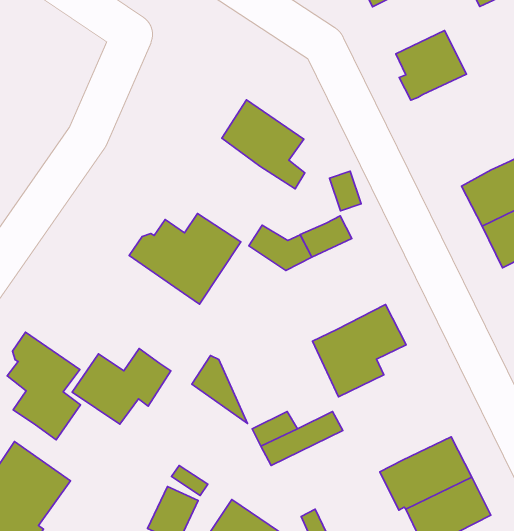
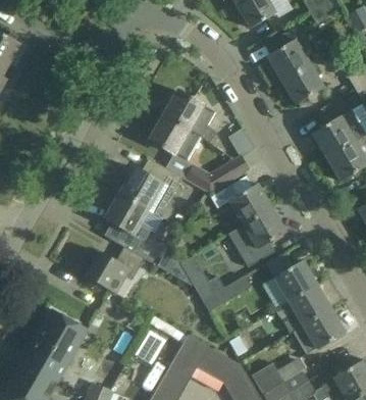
building: none -> [281,64,323,104]
building: none -> [149,114,200,159]
building: none -> [210,176,271,226]
building: [7,332,81,440] -> [104,190,150,254]
building: none -> [273,260,317,302]

